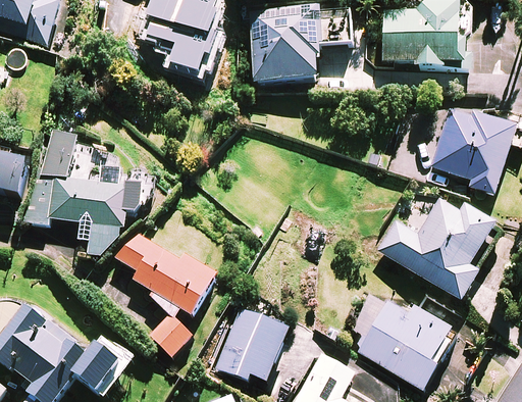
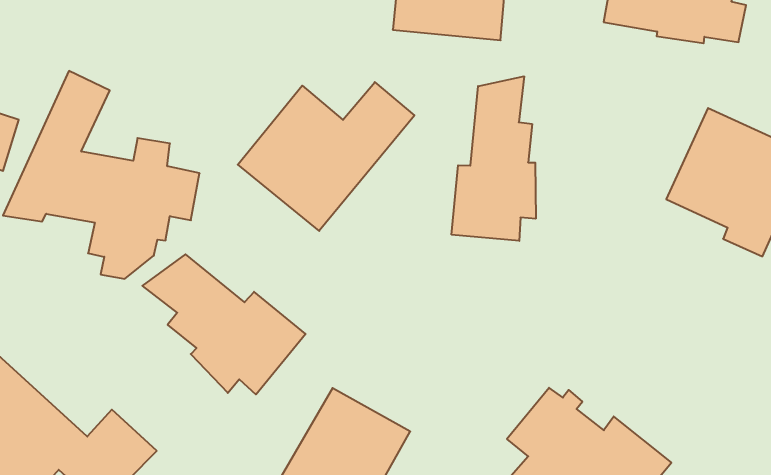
building: none -> [452,76,536,241]
building: none -> [238,82,414,231]
building: [376,195,497,302] -> none
building: [150,312,192,355] -> none

